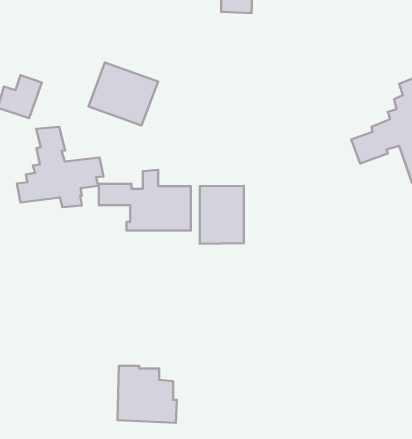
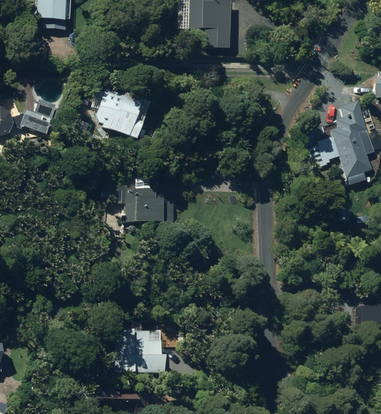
building: [17,127,103,207] -> none
building: [200,186,244,244] -> none

